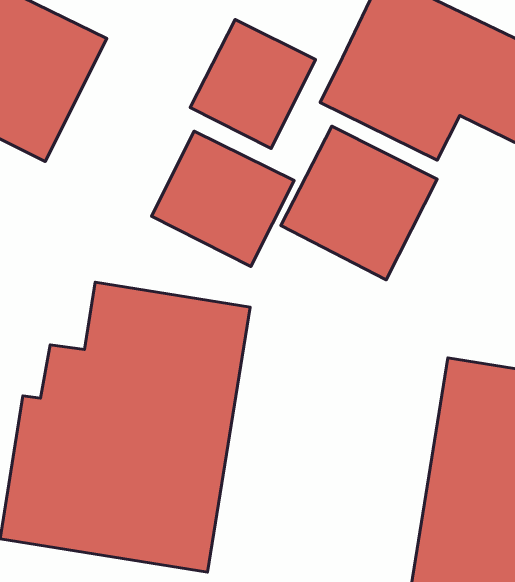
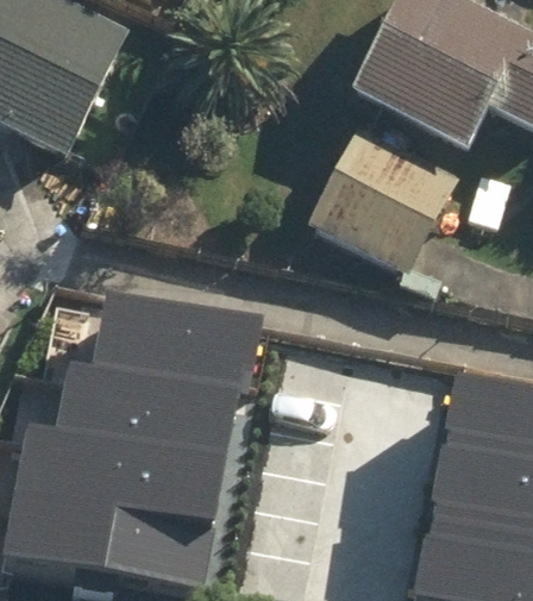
building: [190,19,315,149] -> none
building: [152,131,294,266] -> none

